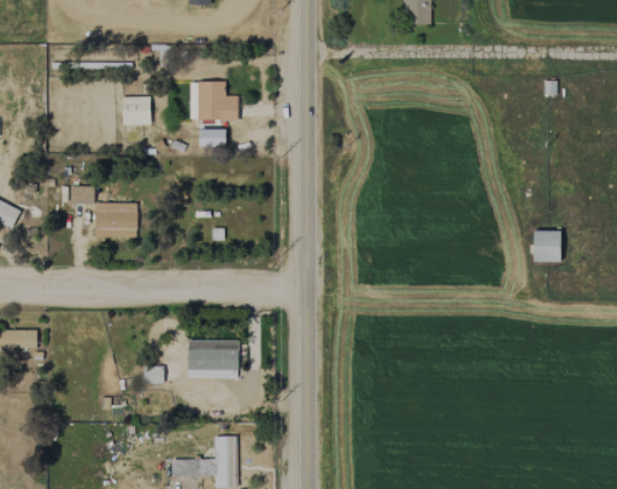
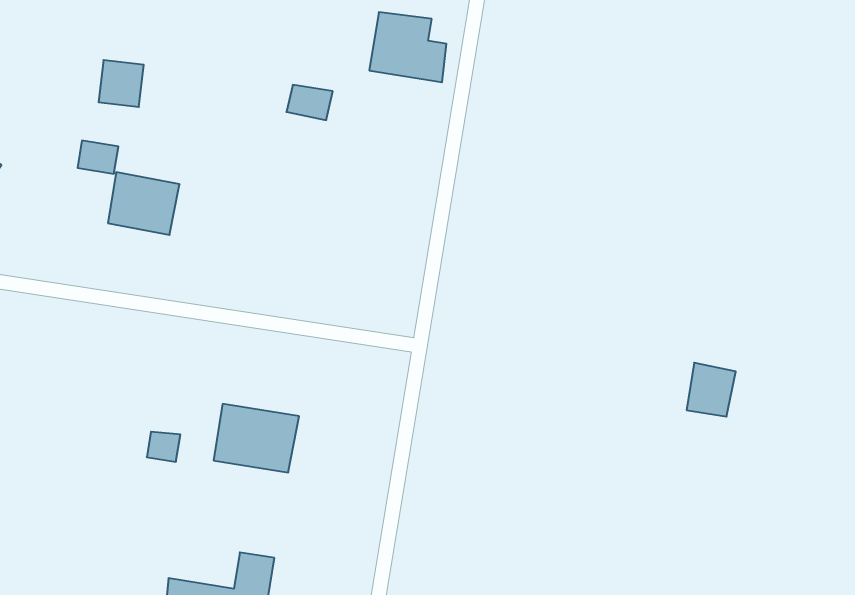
building: [190,81,239,120] -> [369,12,446,82]
building: [123,96,151,125] -> [99,60,144,107]
building: [534,230,562,261] -> [687,363,736,417]

